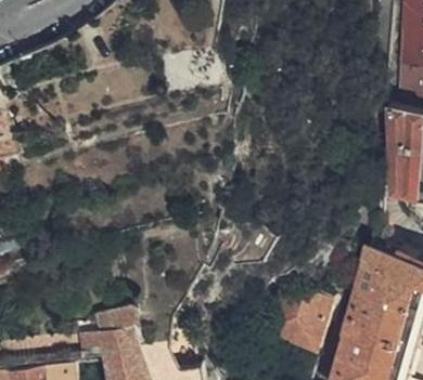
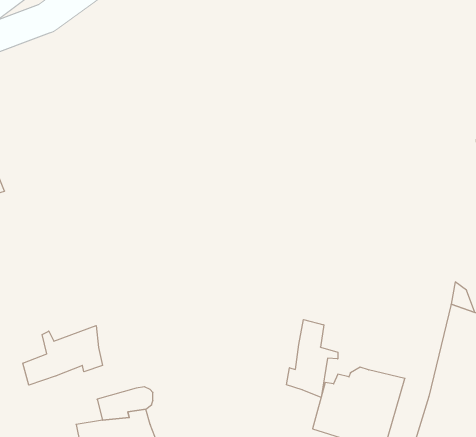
building: none -> [286,320,338,398]
building: none -> [23,326,103,385]

